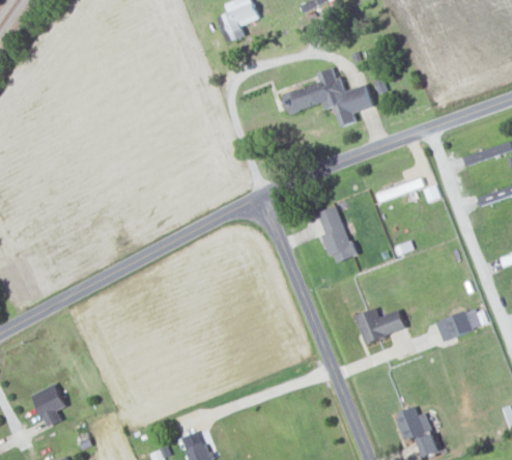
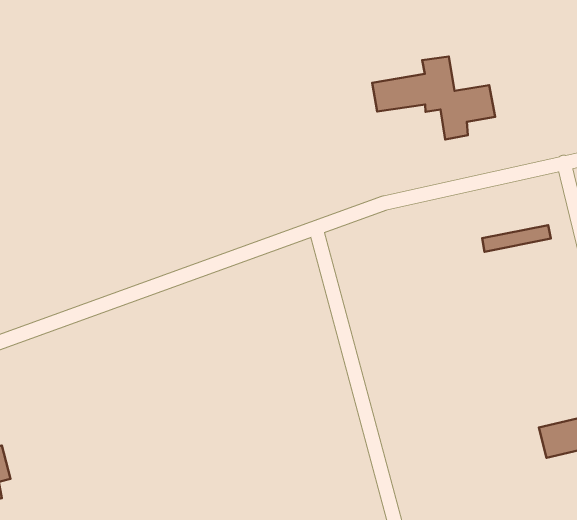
building: [316,205,354,263] -> none
building: [353,308,405,343] -> none

